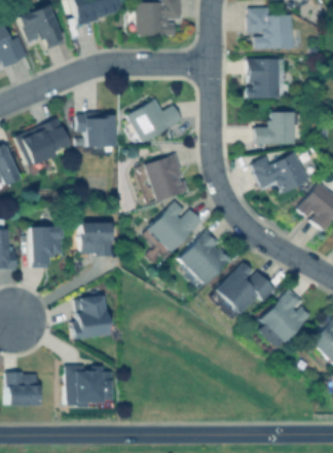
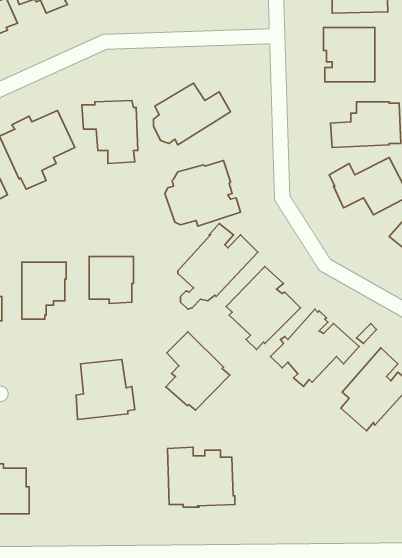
building: none -> [166,332,230,410]
building: [66,366,114,409] -> [168,447,235,507]

